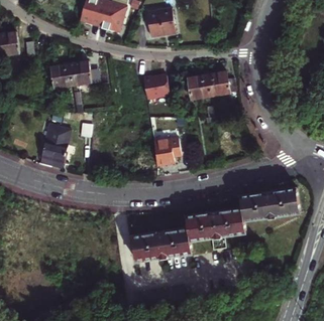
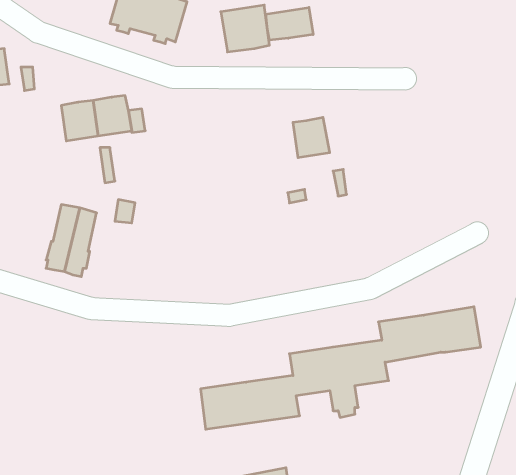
building: none -> [266,7,313,40]
building: [207,70,236,95] -> none
building: [143,72,171,97] -> none
building: [154,137,182,165] -> none

